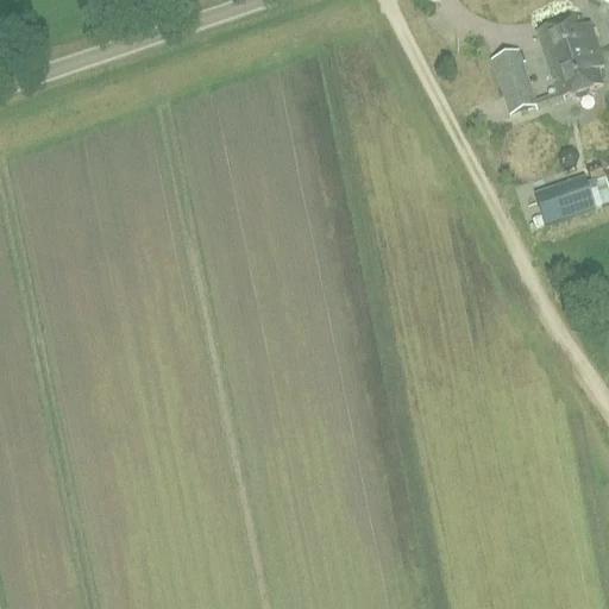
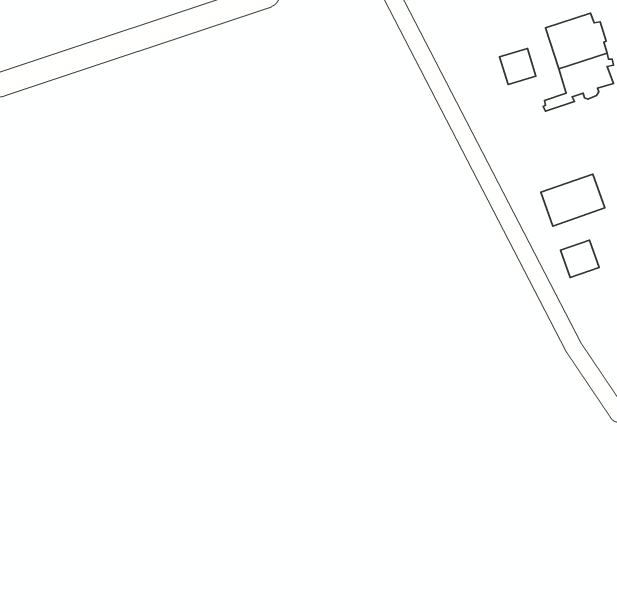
building: [501,75,538,112] -> none
building: none -> [560,240,599,278]

